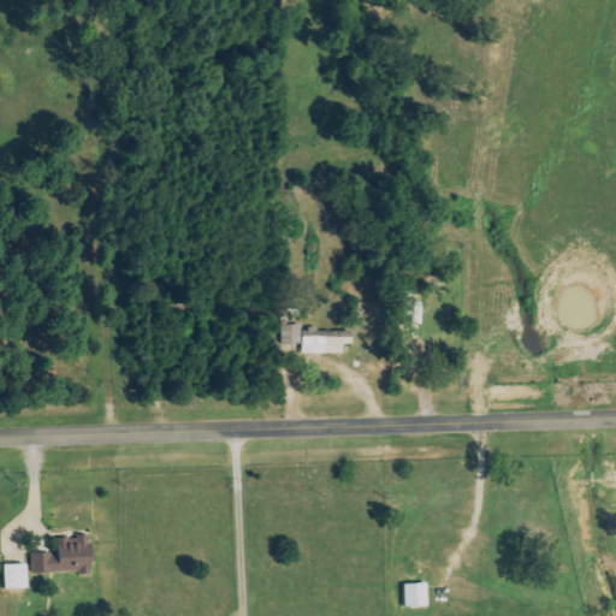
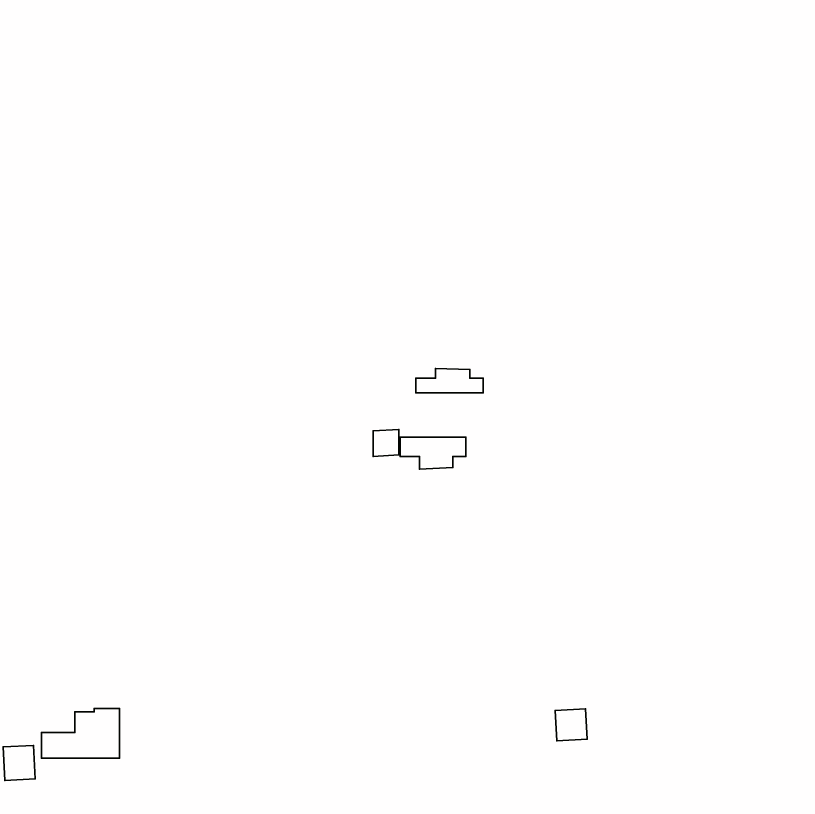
building: none -> [416,368,483,393]
building: [403,581,427,605] -> [555,709,587,741]

